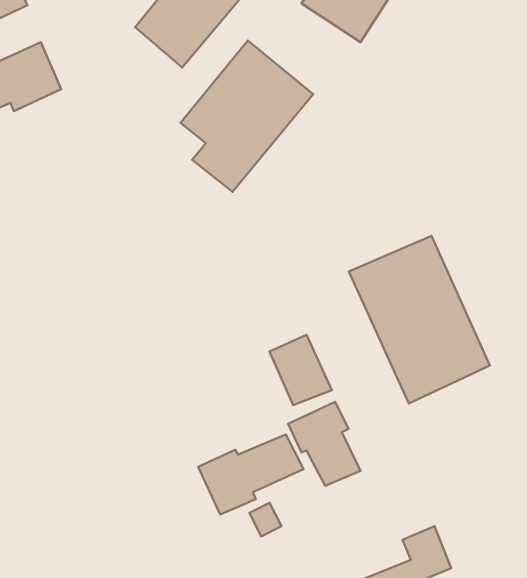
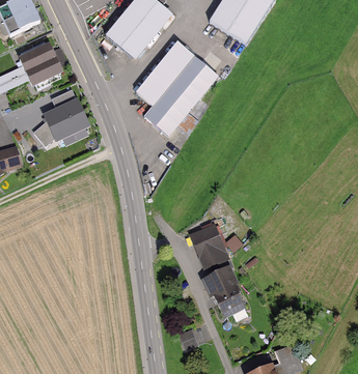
building: none -> [32,89,88,145]
building: [349,236,490,403] -> none
building: [198,435,303,515] -> none

